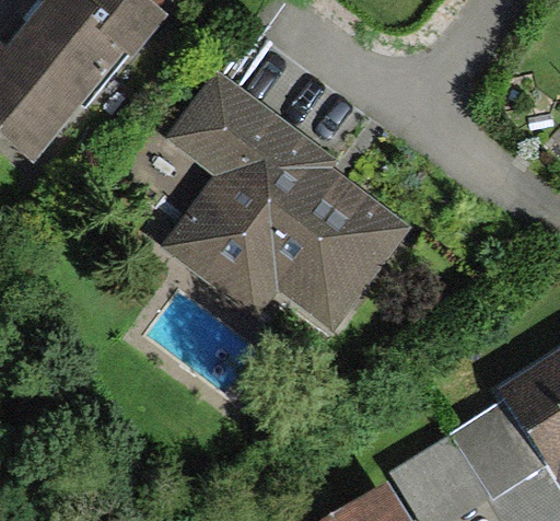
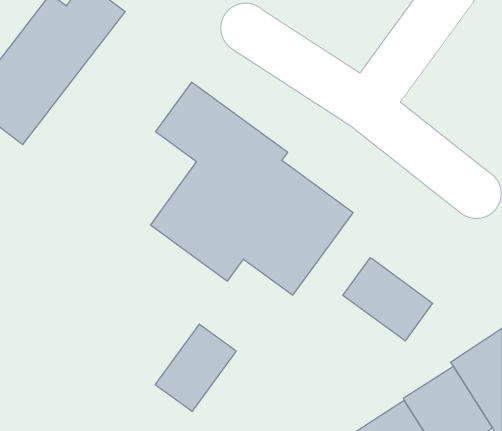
building: none -> [343,258,433,341]
building: none -> [155,324,236,412]

